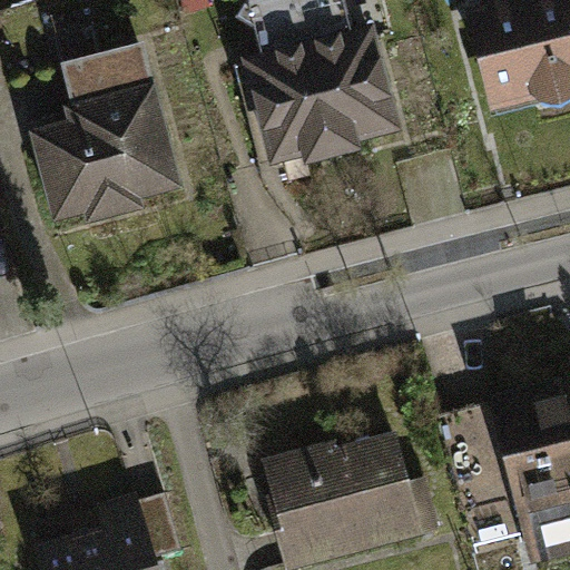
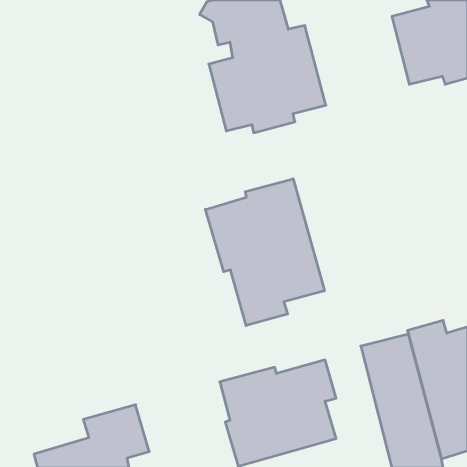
building: [37,49,179,220] -> none
building: none -> [205,179,324,326]

